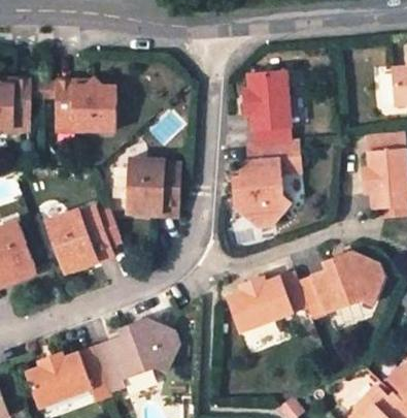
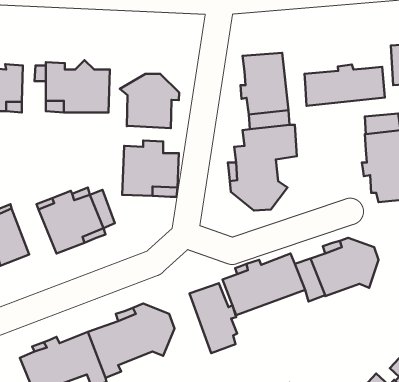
building: none -> [304,65,385,106]
building: none -> [120,74,179,128]
building: none -> [189,283,237,353]

